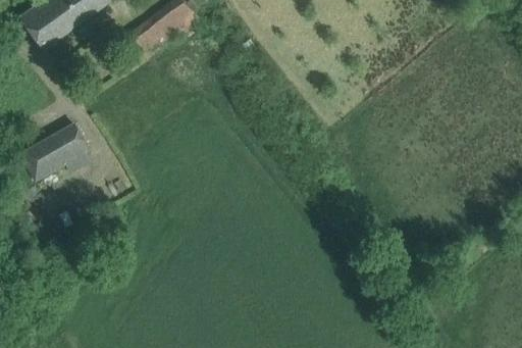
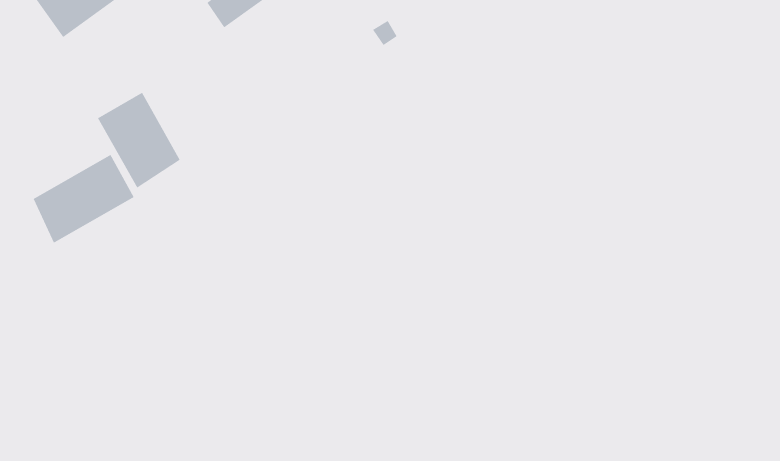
building: none -> [97,92,181,189]

